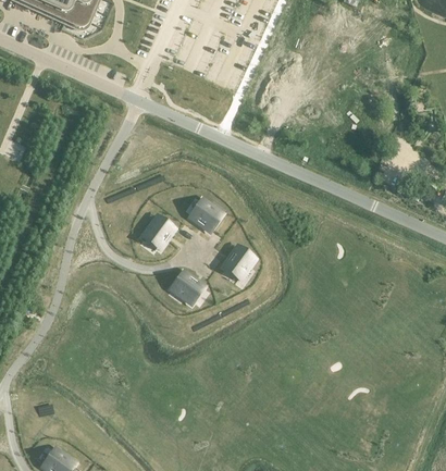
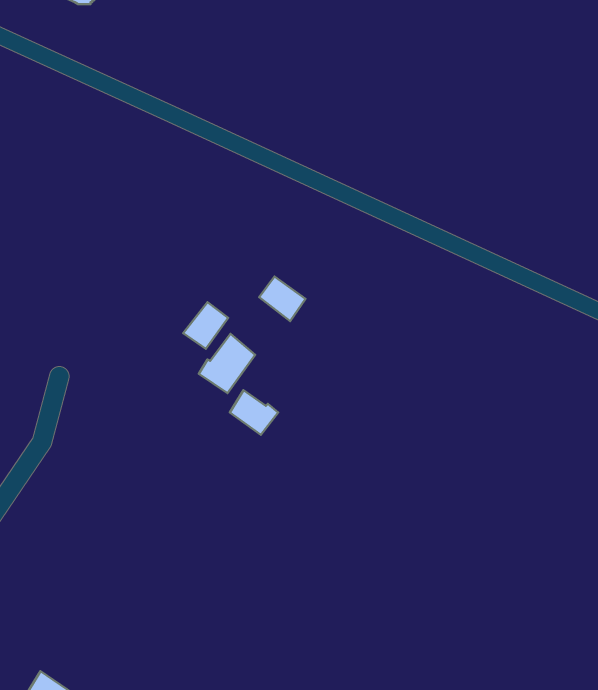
building: none -> [199,334,255,393]
building: [224,247,252,277] -> none

